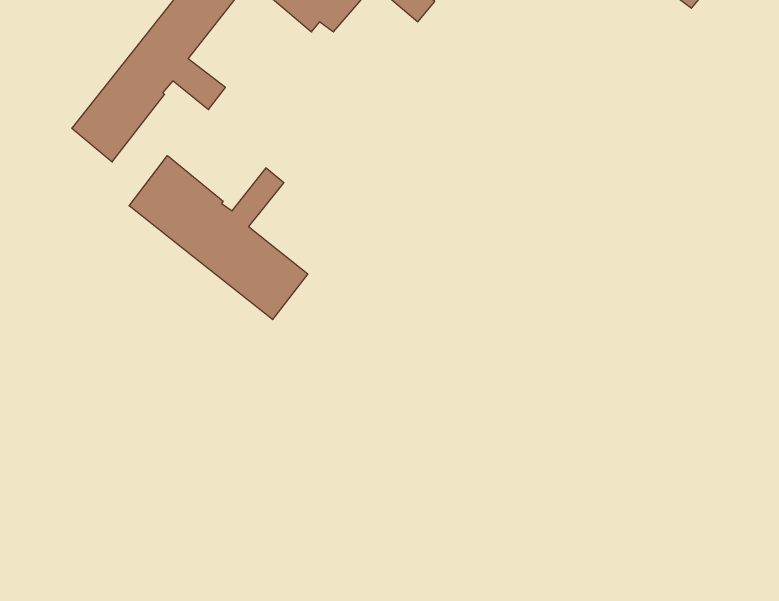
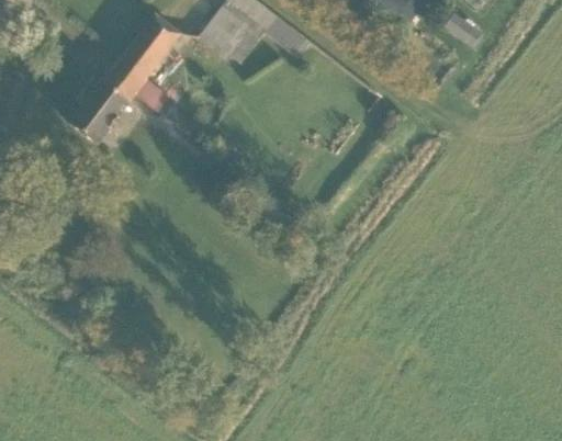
building: [129,156,308,320] -> none

